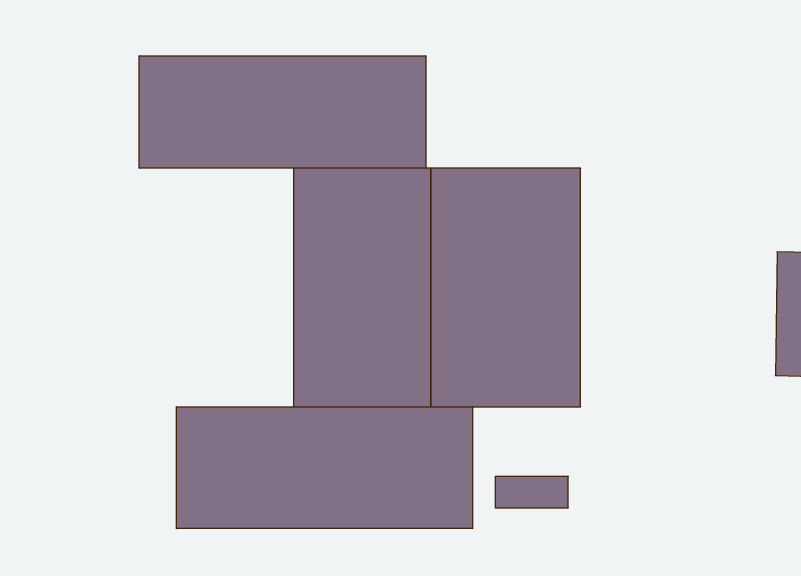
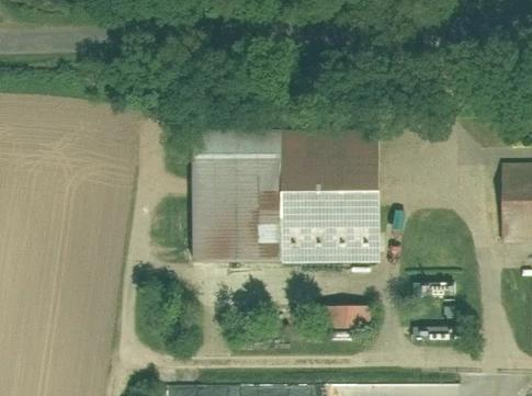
building: [139,56,426,168] -> none
building: [176,407,473,529] -> none

